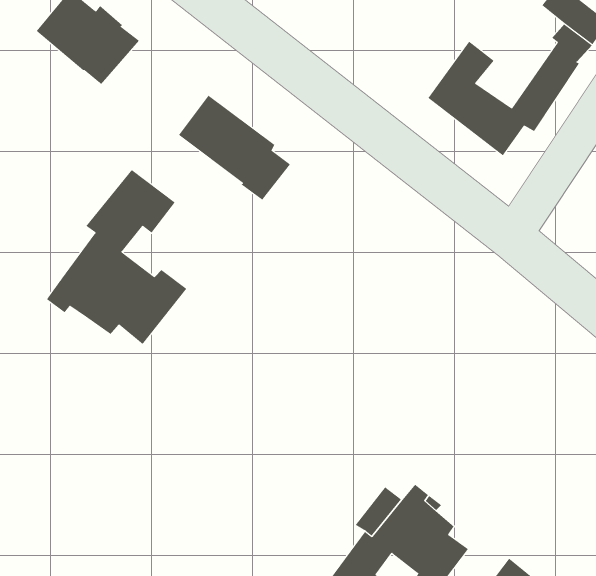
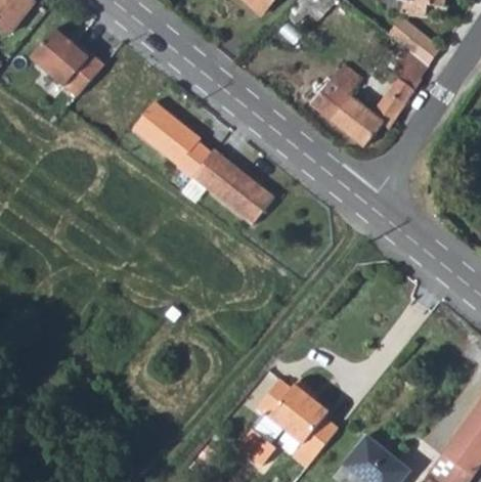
building: none -> [192,147,275,223]
building: [46,169,187,345] -> none

